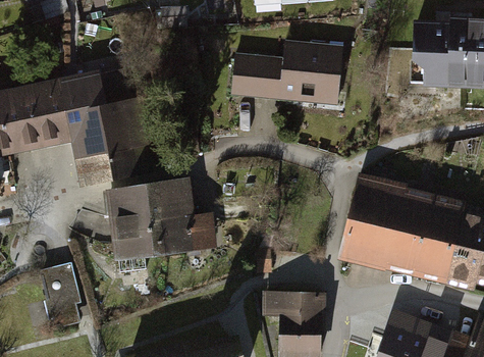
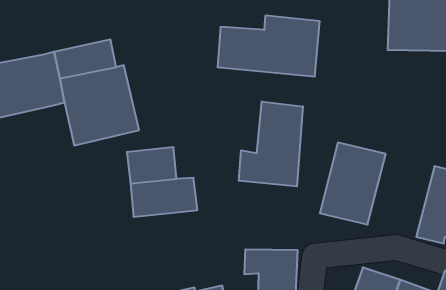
building: none -> [239,101,303,186]
building: [102,188,145,261] -> none
building: [394,190,466,278] -> none
building: [42,258,83,318] -> none

